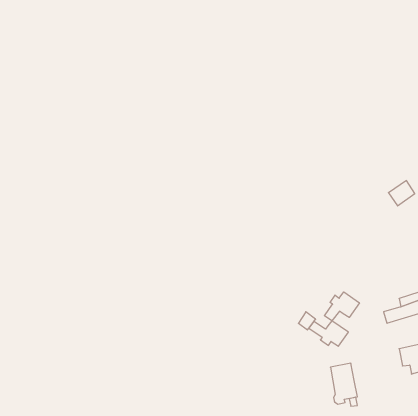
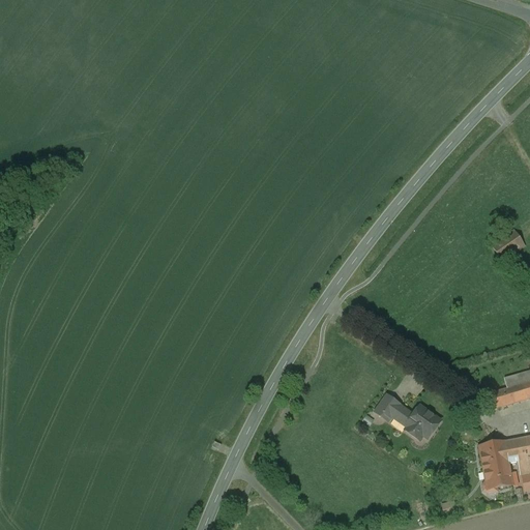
building: [324,292,359,321] -> none
building: [330,363,357,404] -> [479,440,513,492]

